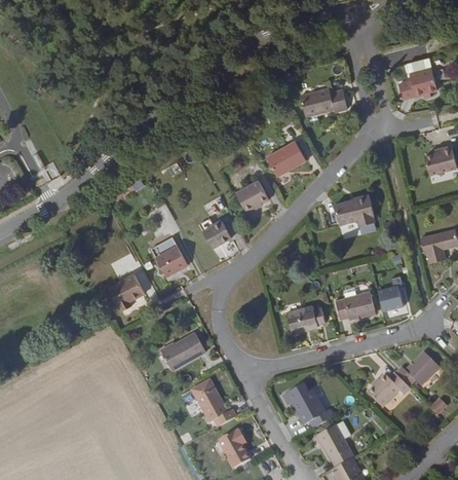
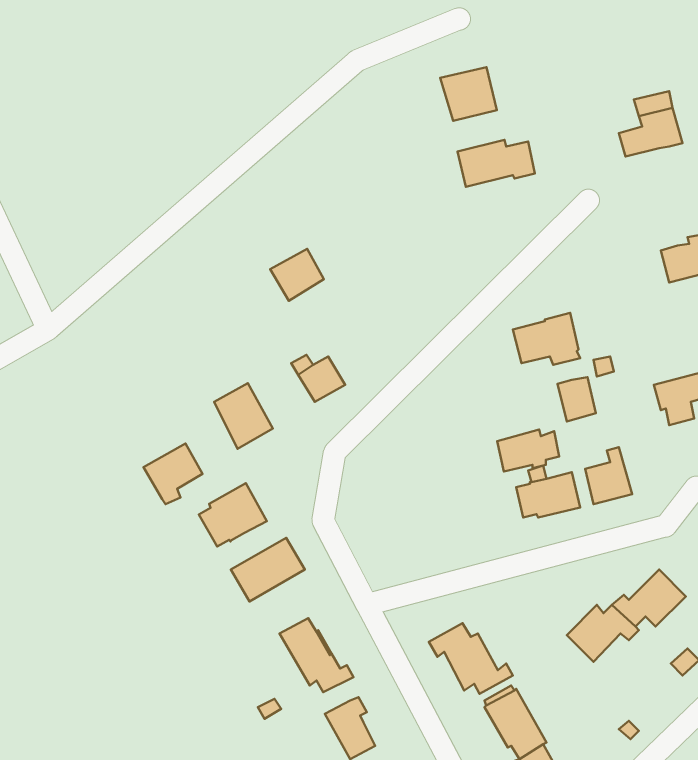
building: none -> [440,67,497,121]
building: [266,140,306,177] -> none
building: [235,180,268,212] -> [270,249,324,301]
building: none -> [558,377,596,421]
building: none -> [199,483,267,546]
building: [287,305,325,331] -> [497,430,559,472]

